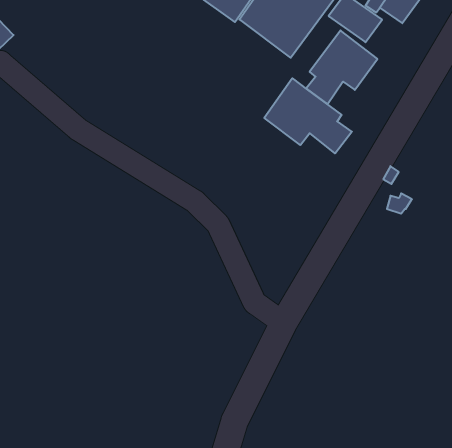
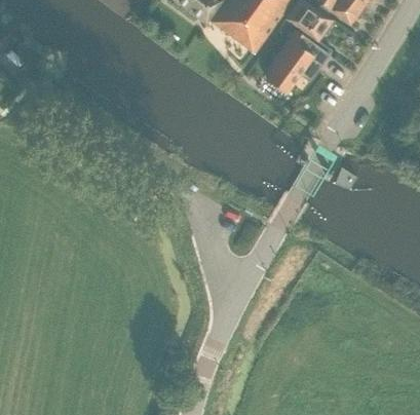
building: [264,78,352,153] -> none

